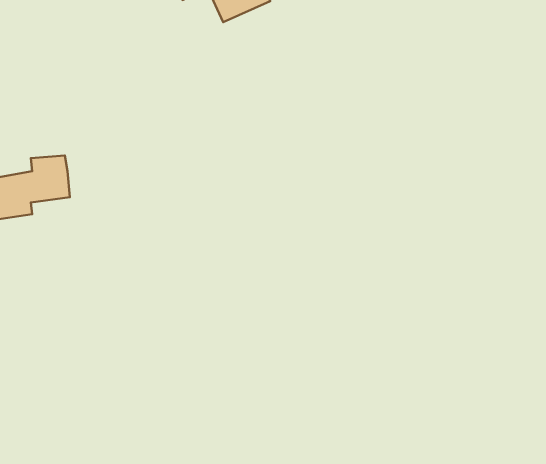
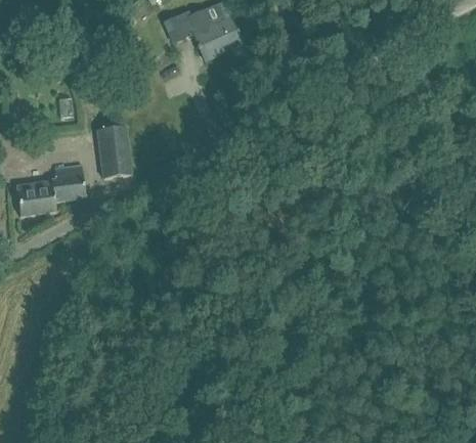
building: none -> [96,127,132,178]

